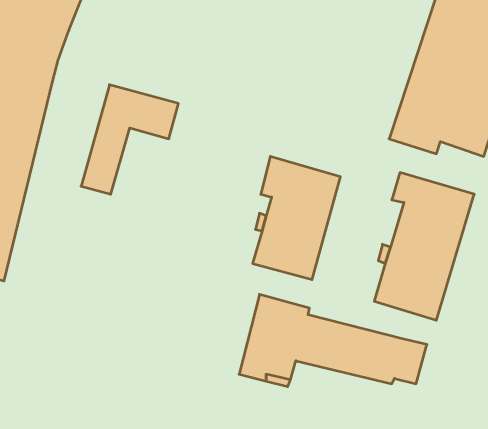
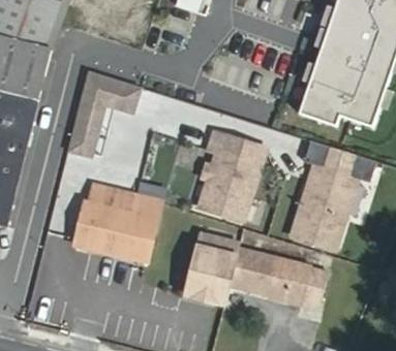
building: none -> [75,184,161,261]

